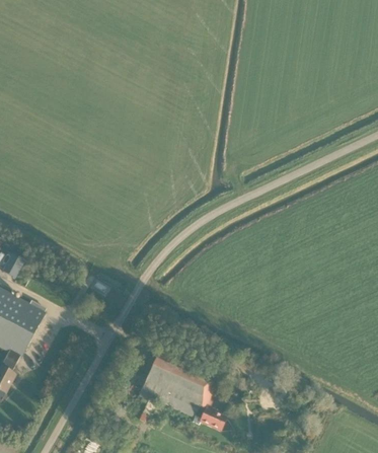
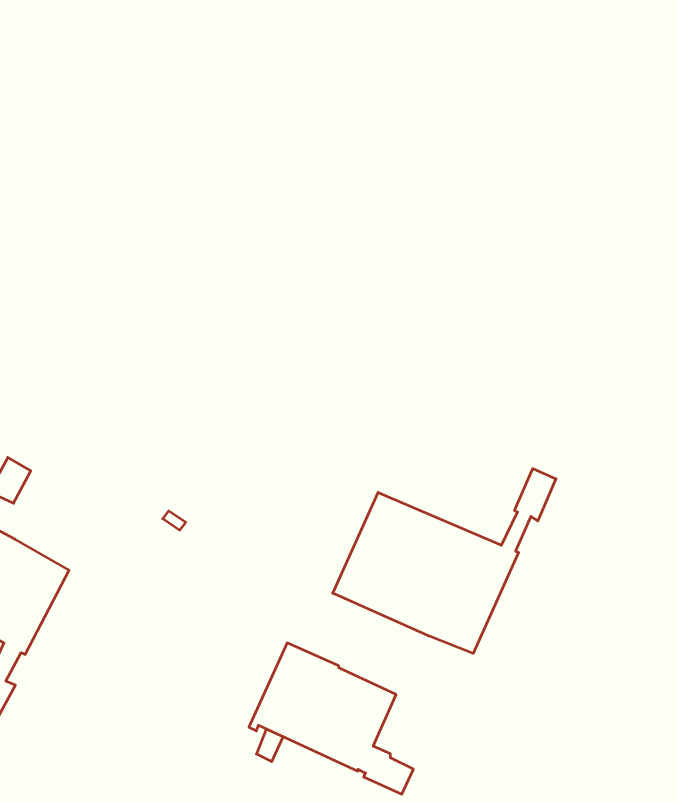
building: none -> [333,469,556,653]

